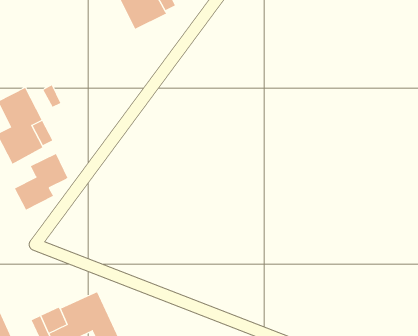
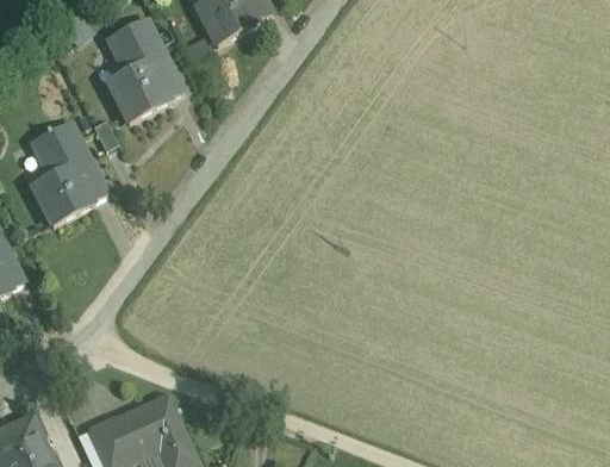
building: none -> [107,19,182,122]
building: [14,153,68,211] -> none

